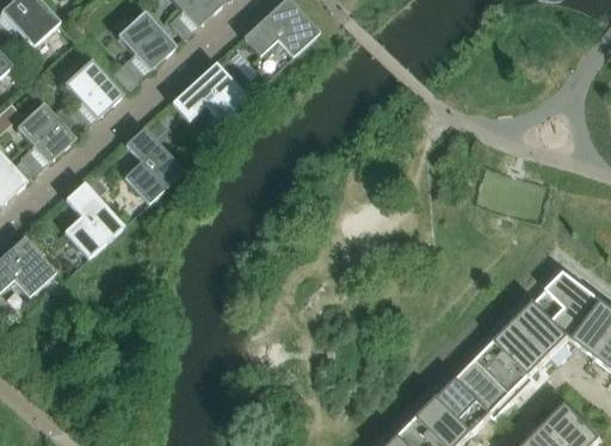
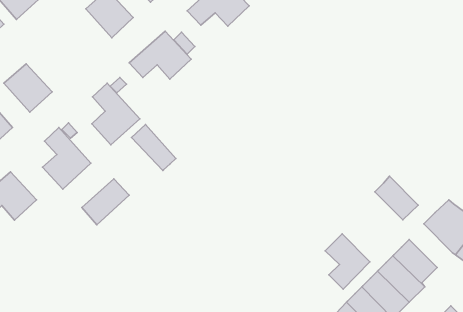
building: [62,58,122,118] -> none
building: none -> [131,125,176,171]
building: none -> [82,179,129,225]
building: [516,301,569,354] -> [375,176,418,220]
building: none -> [325,234,370,289]

